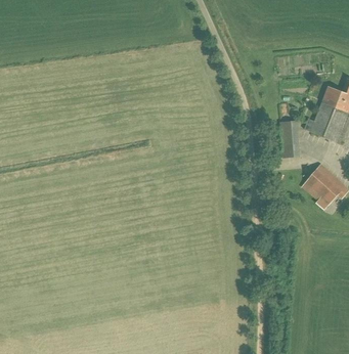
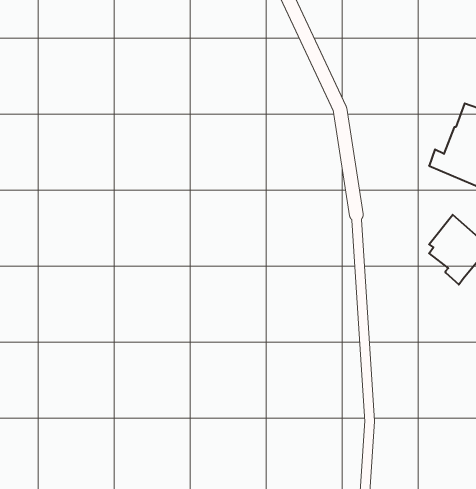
building: [278,120,300,158] -> none

